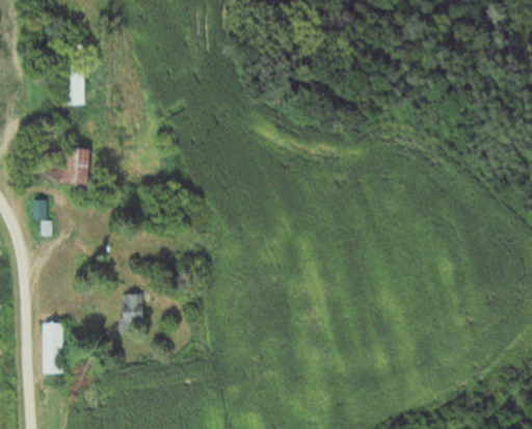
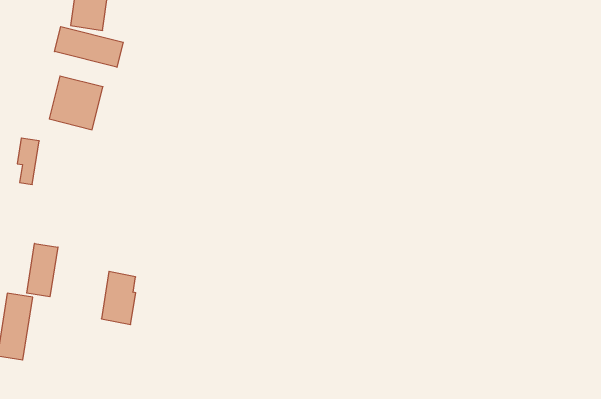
building: none -> [55,27,123,67]
building: none -> [27,243,58,297]

